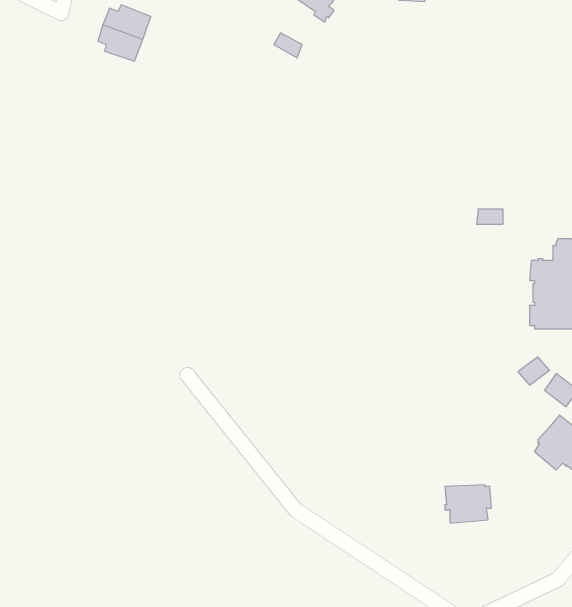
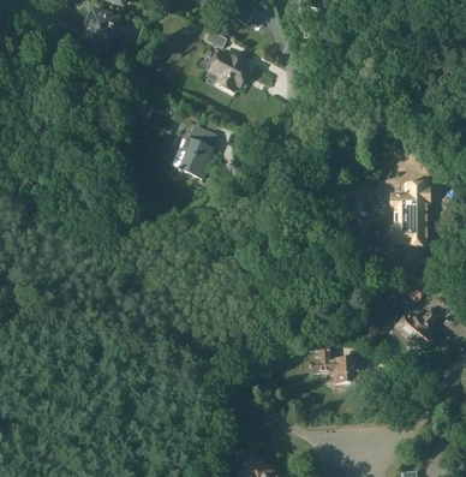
building: none -> [210,53,249,90]
building: none -> [178,124,216,180]
building: none -> [309,342,330,372]

